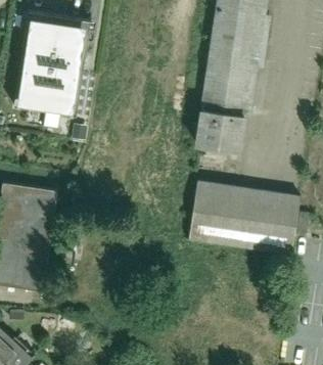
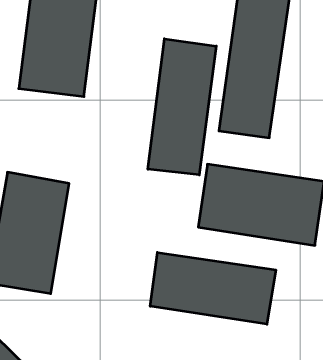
building: none -> [148,39,216,175]
building: none -> [150,252,276,324]

